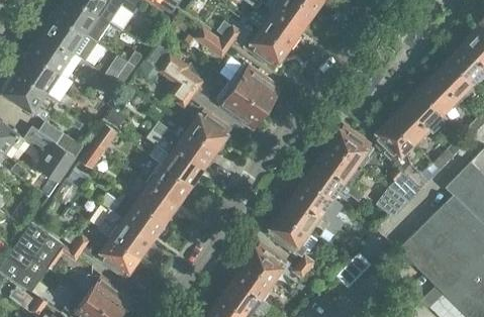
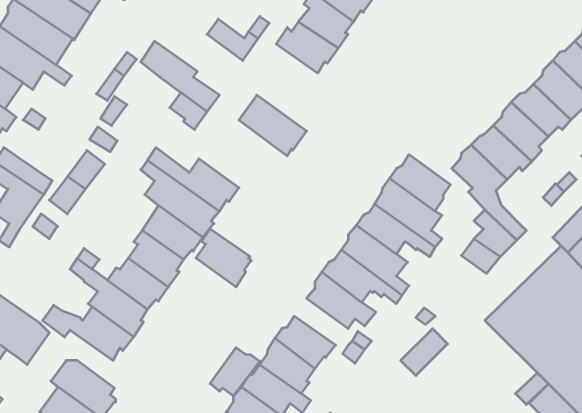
building: [231,65,281,109] -> none
building: [189,108,229,150] -> [196,229,251,287]
building: none -> [210,348,260,396]

